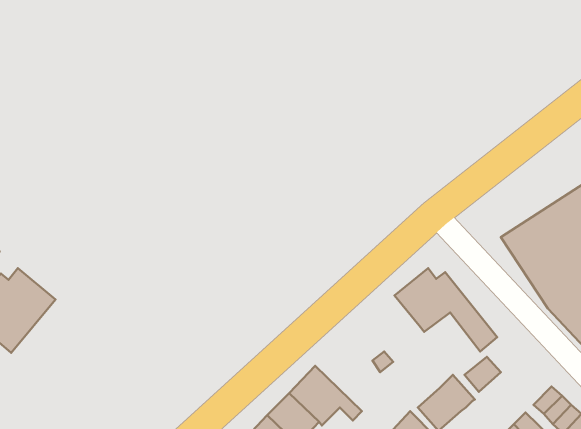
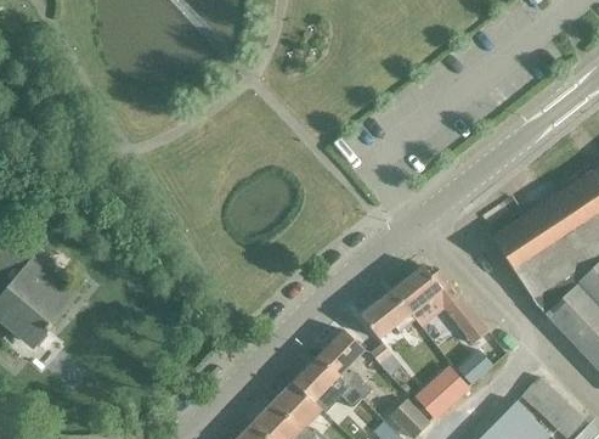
building: none -> [360,291,414,338]
building: none -> [317,330,369,399]

